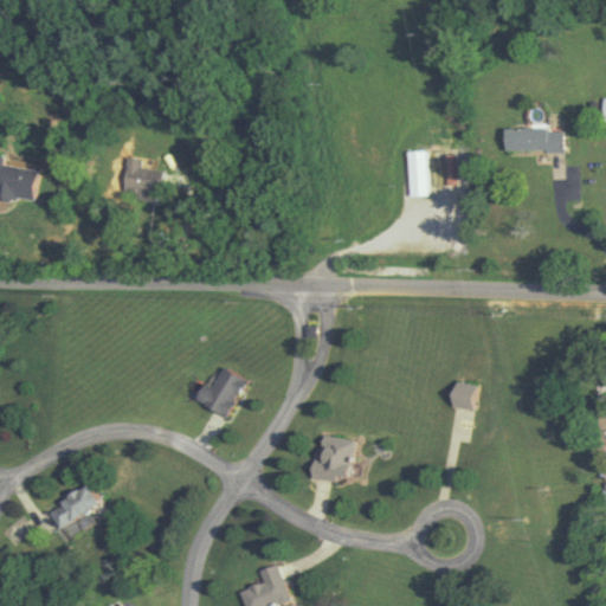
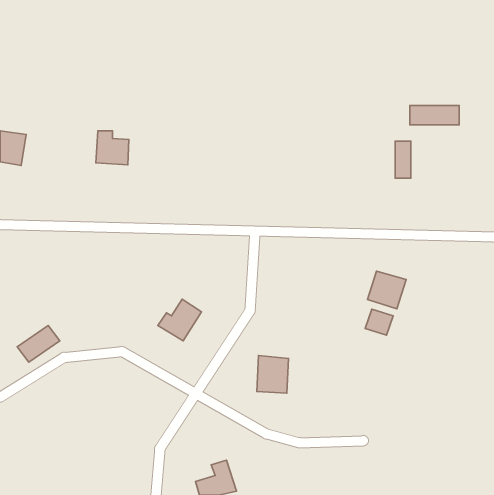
building: [408,152,427,196] -> [395,141,411,178]
building: none -> [367,271,406,309]
building: [46,483,98,528] -> [17,325,60,362]

